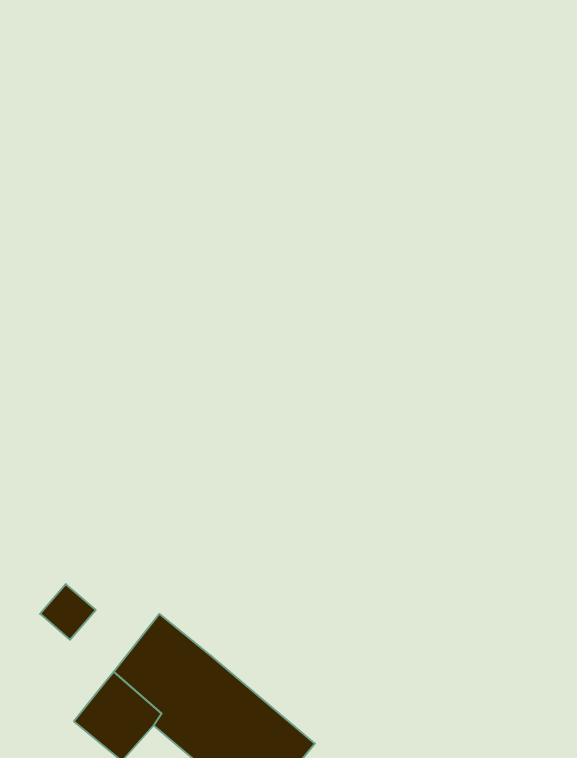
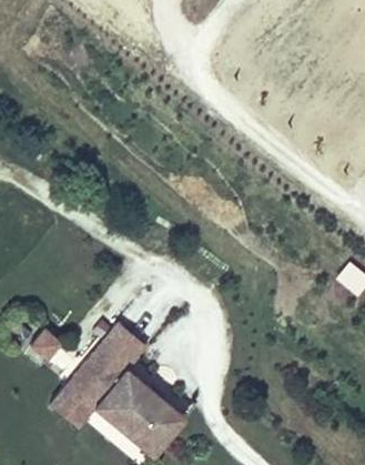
building: none -> [100,323,148,370]

